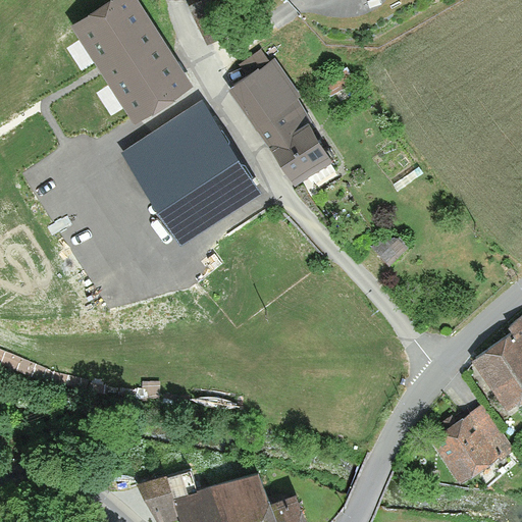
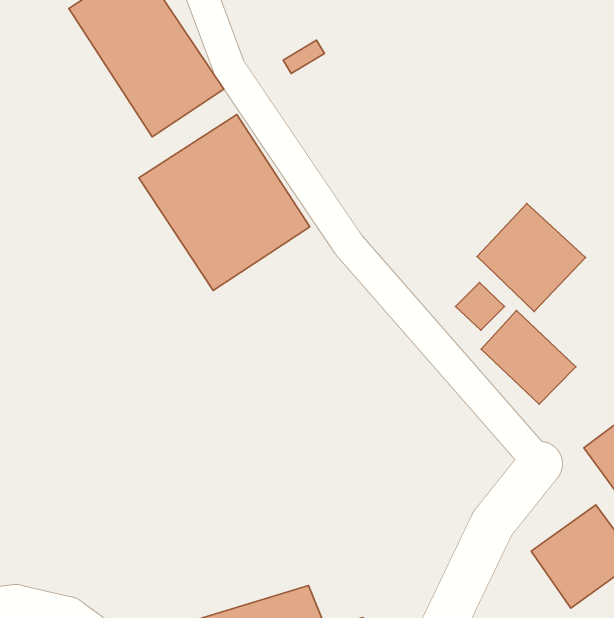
building: [229,63,335,187] -> none
building: none -> [477,203,585,312]
building: none -> [481,310,576,404]

